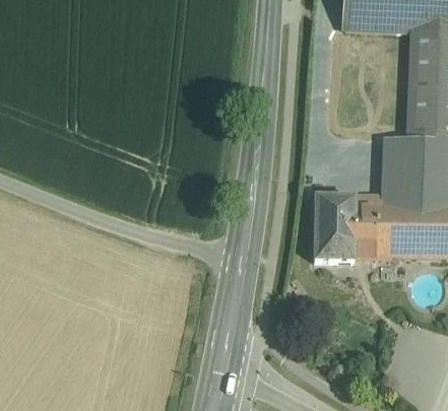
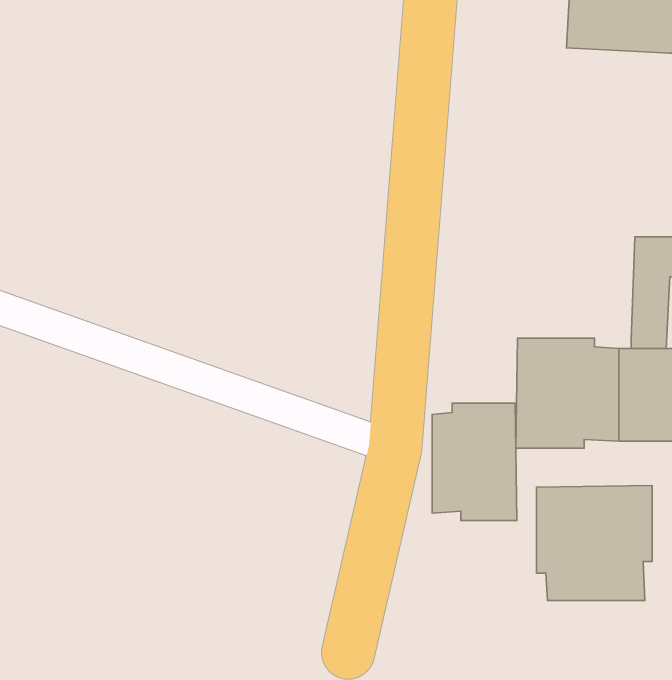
building: none -> [432,403,517,521]
building: none -> [537,485,652,601]

